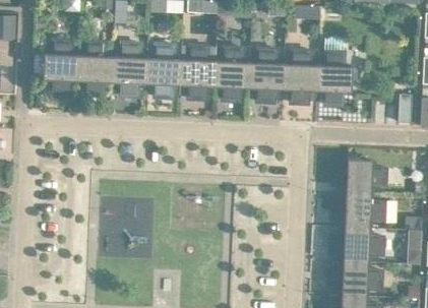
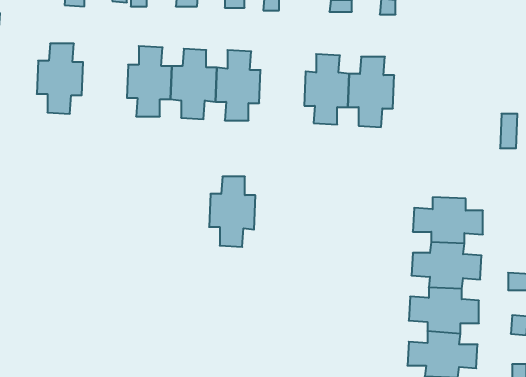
building: [79,41,115,95] -> none
building: [216,47,251,101] -> [209,177,255,247]
building: [318,51,354,105] -> none

